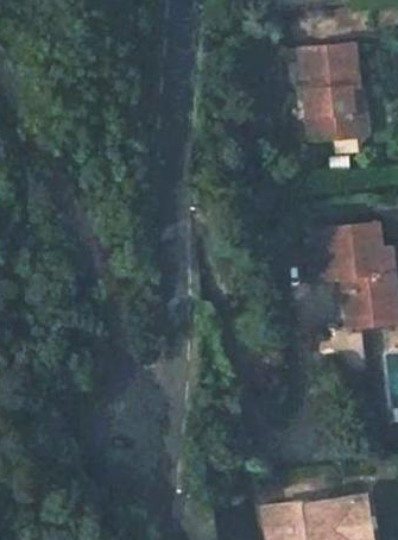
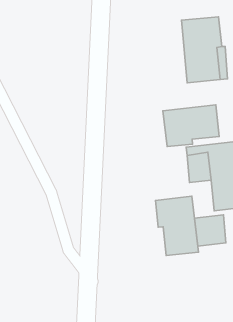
building: none -> [163,105,219,146]
building: none -> [156,196,198,256]

